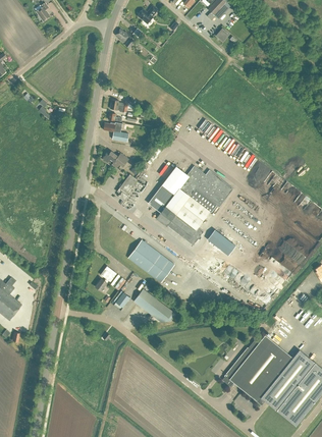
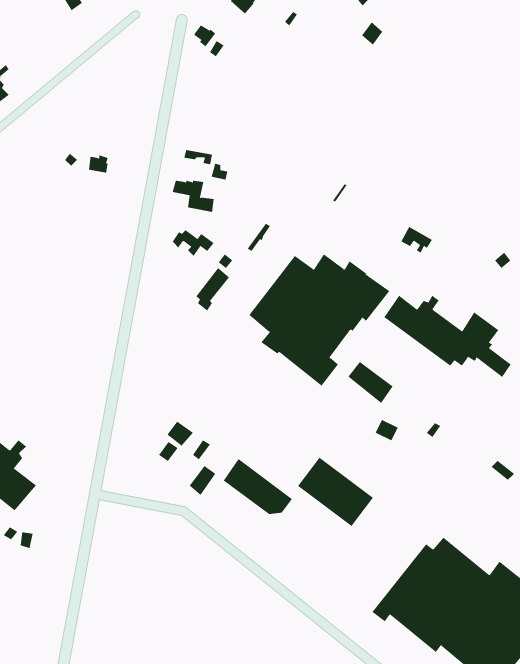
building: none -> [384,295,511,378]
building: [128,240,174,282] -> [297,457,374,527]

